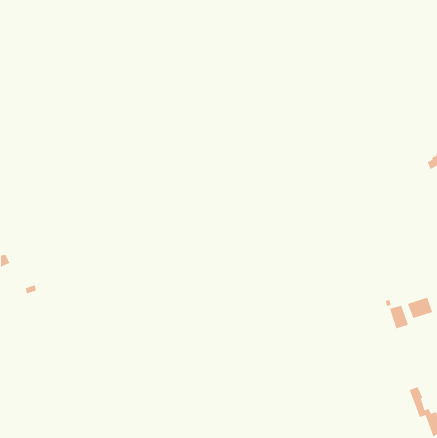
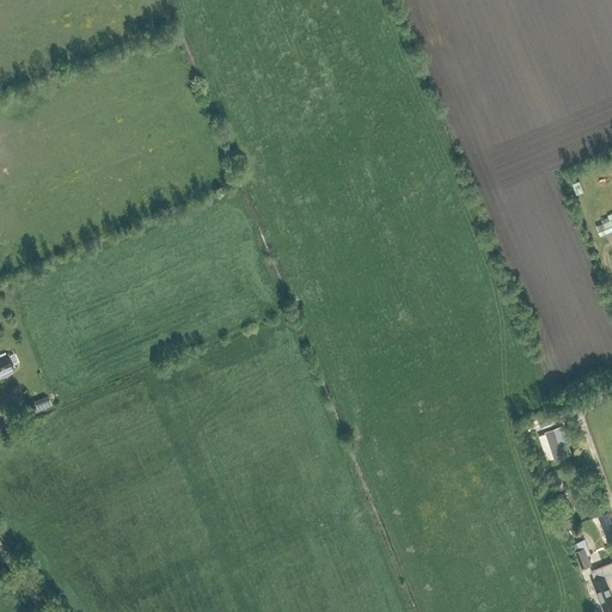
building: [407,297,433,319] -> none

